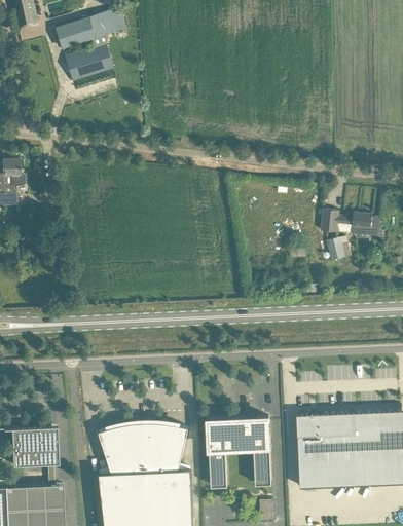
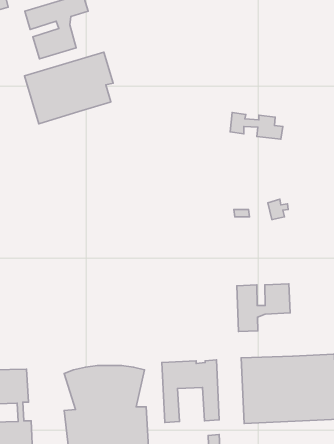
building: none -> [24,52,113,124]
building: [321,210,379,239] -> [230,112,283,139]
building: none -> [237,284,290,332]

